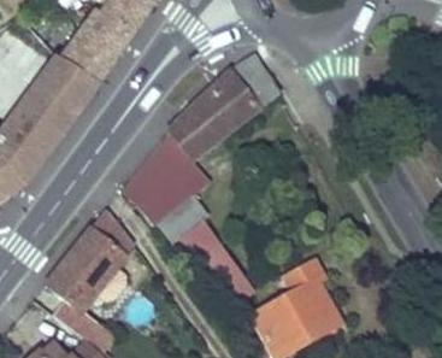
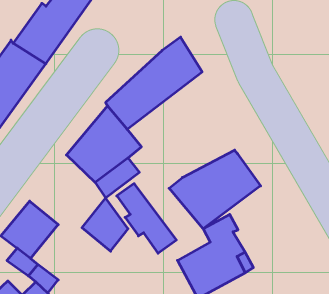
building: none -> [169,150,261,229]
building: [79,207,134,270] -> [82,198,128,251]

